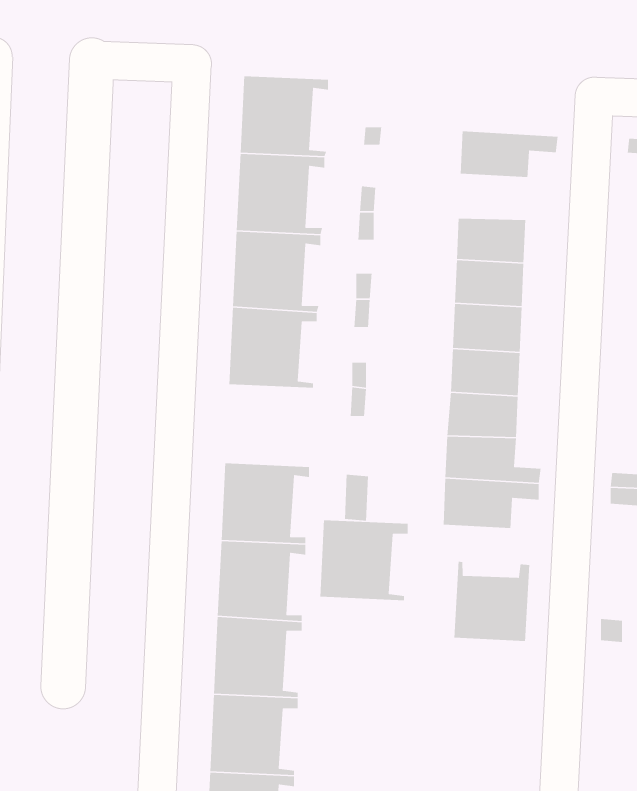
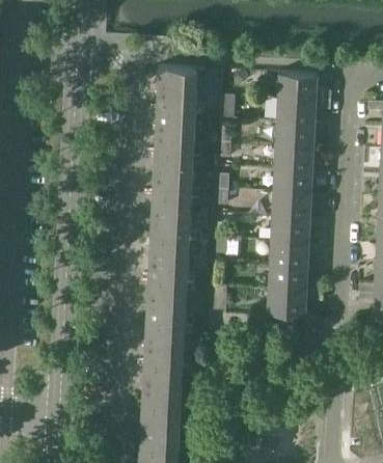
building: none -> [278,73,331,100]
building: none -> [276,120,314,145]
building: [319,519,409,601] -> [148,236,197,280]
building: [454,561,530,642] -> none

